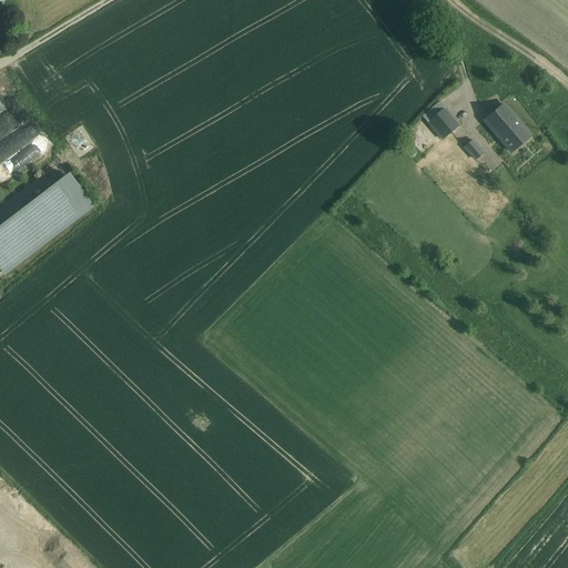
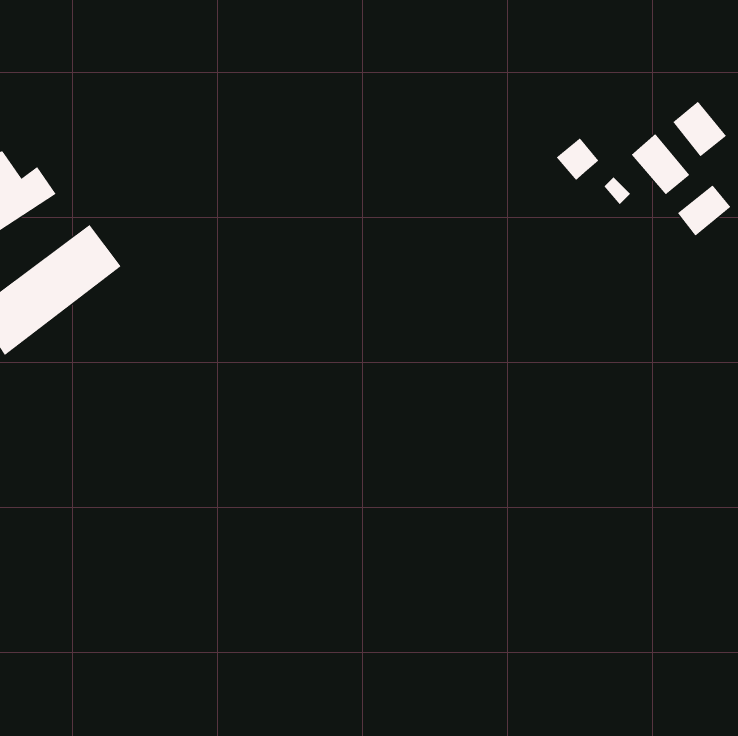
building: none -> [672,101,727,157]
building: none -> [677,185,731,237]

